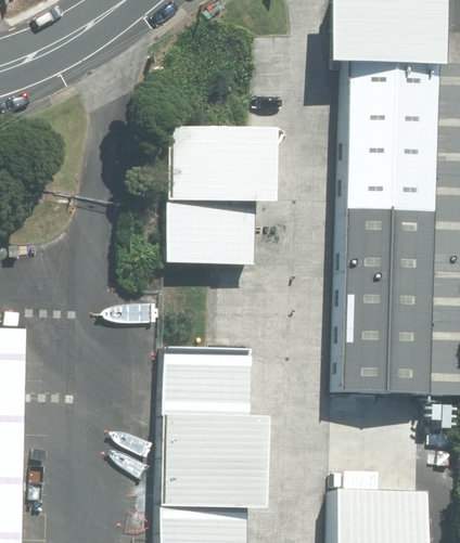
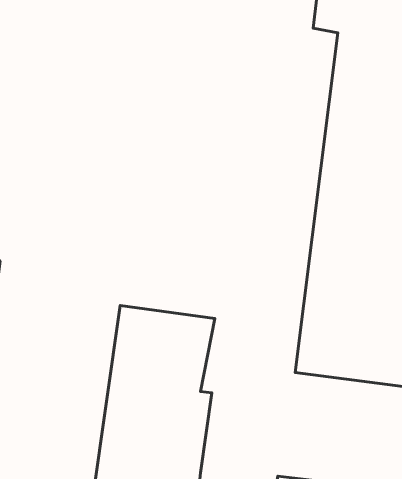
building: [166,126,268,263] -> none

